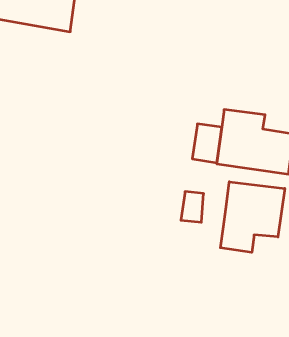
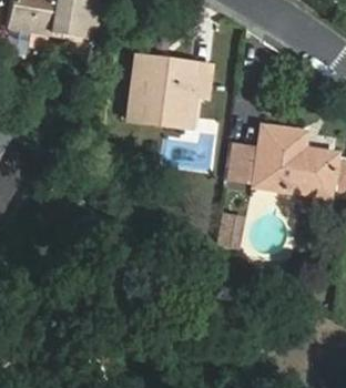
building: none -> [128,59,212,127]
building: [220,182,285,252] -> none

